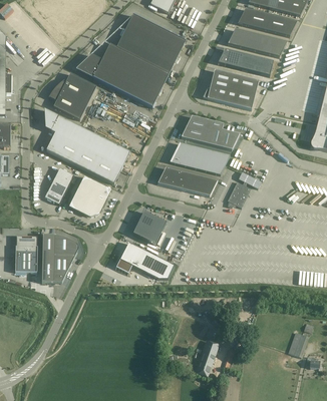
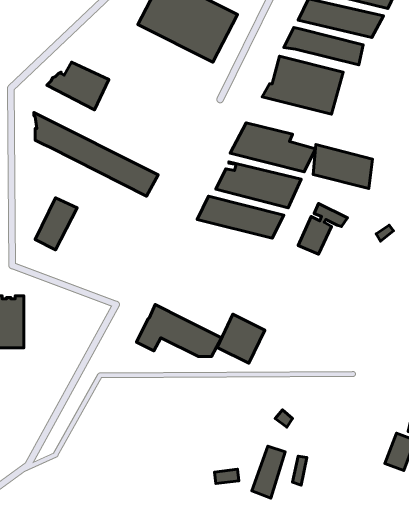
building: [76,43,169,106] -> none
building: [48,88,86,118] -> none
building: none -> [313,144,373,189]
building: [46,131,122,182] -> none
building: [69,174,111,215] -> none
building: [133,210,167,244] -> [217,314,265,363]
building: [42,234,78,282] -> none

